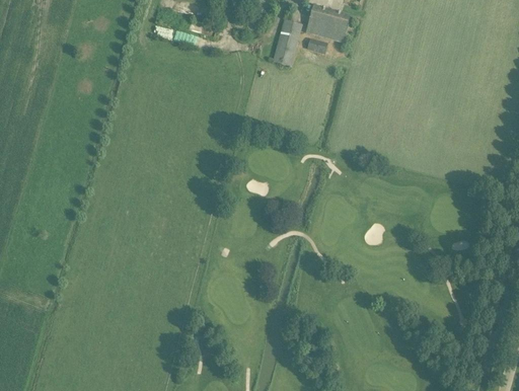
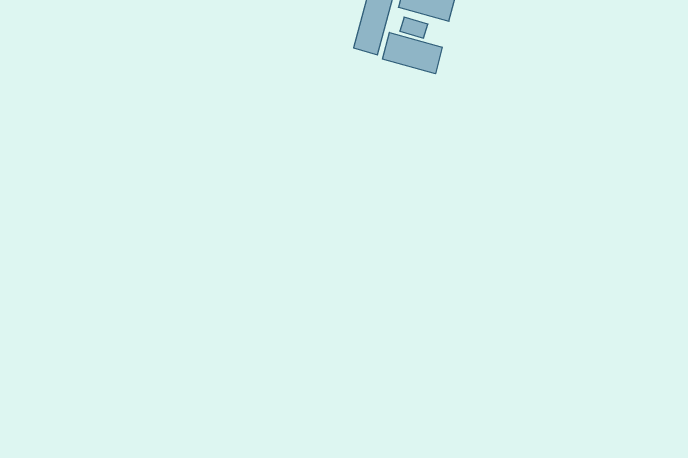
building: none -> [383,32,442,74]

